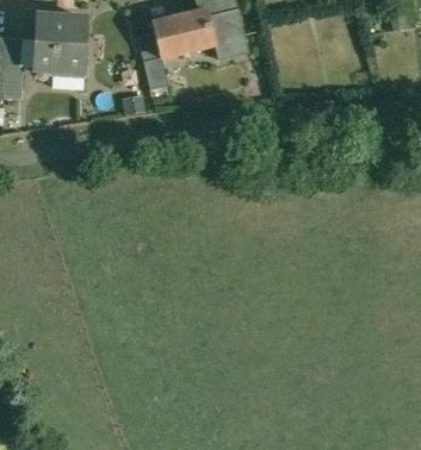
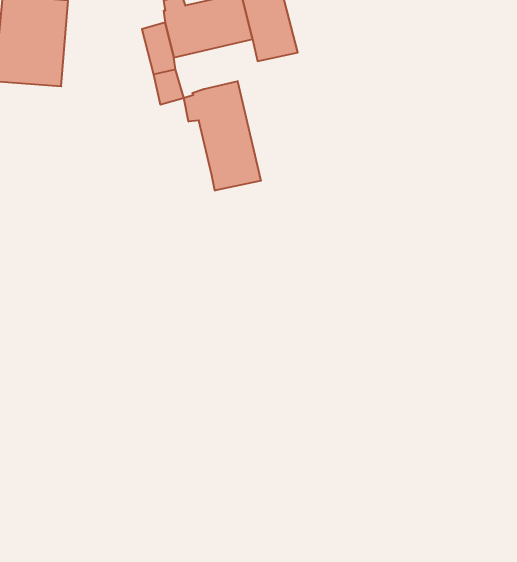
building: none -> [184,81,261,191]

